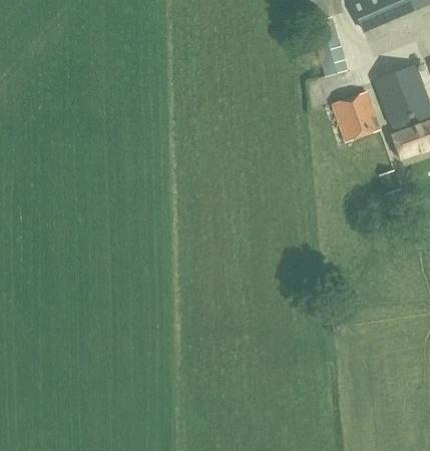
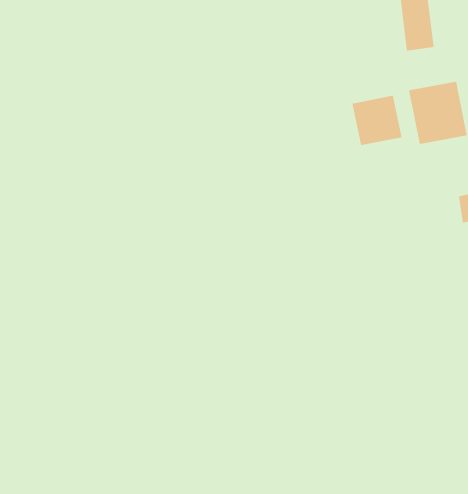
building: none -> [352,95,402,146]

